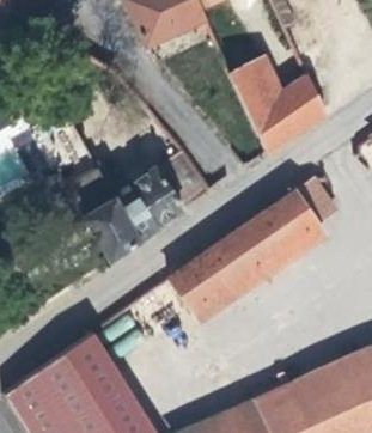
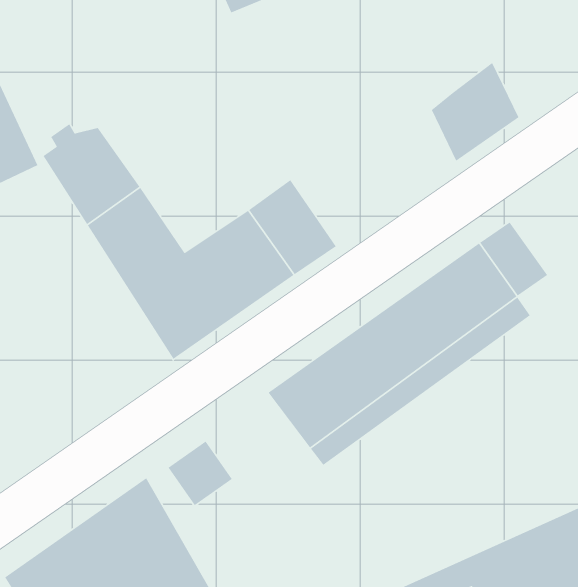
building: [232,56,285,148] -> none

